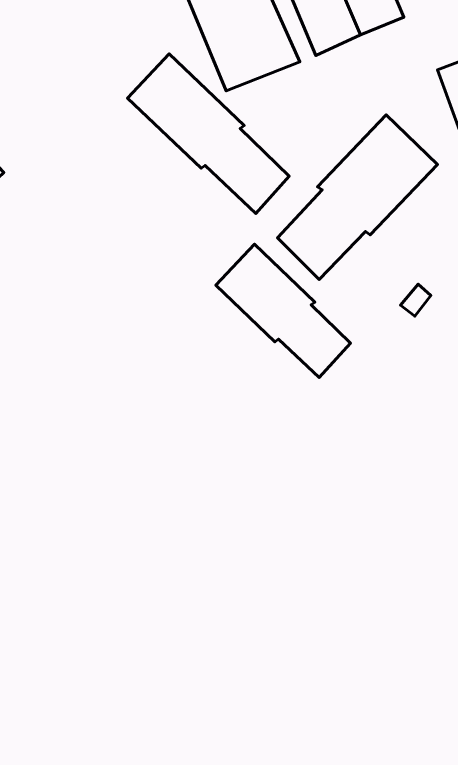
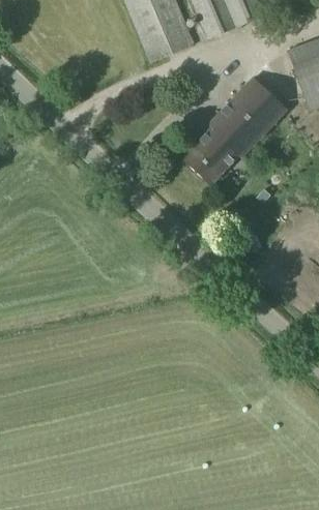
building: [128,54,289,213] -> none
building: [216,244,351,378] -> none

